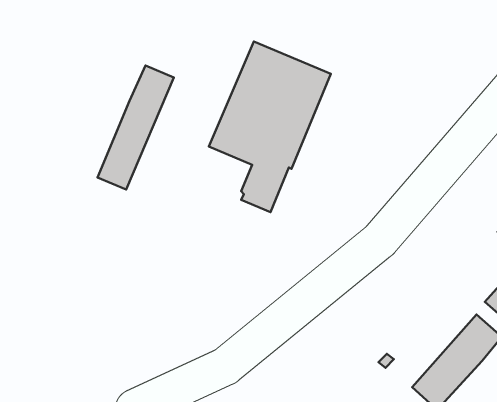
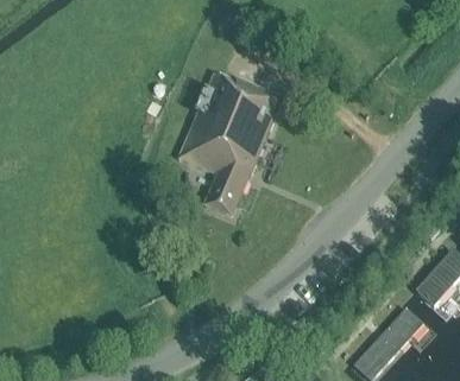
building: [98,66,174,190] -> none

